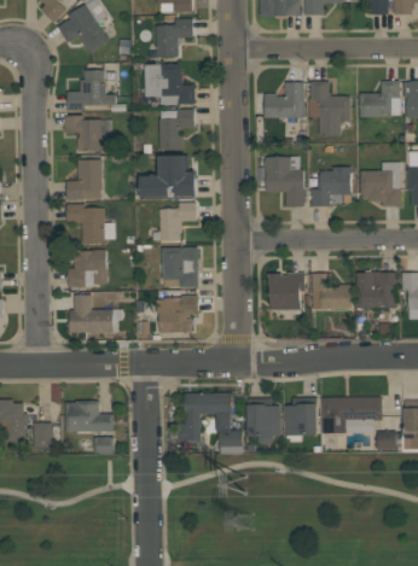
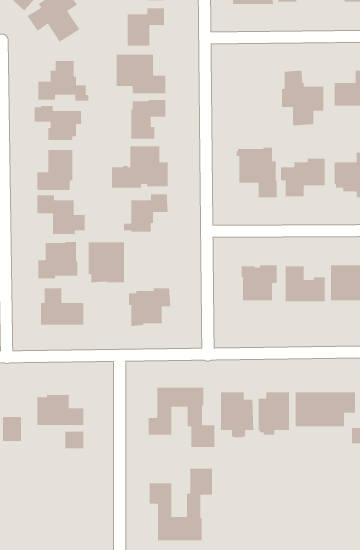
building: [265,82,304,119] -> none
building: [162,247,198,288] -> [88,242,125,283]
building: none -> [149,468,213,541]

